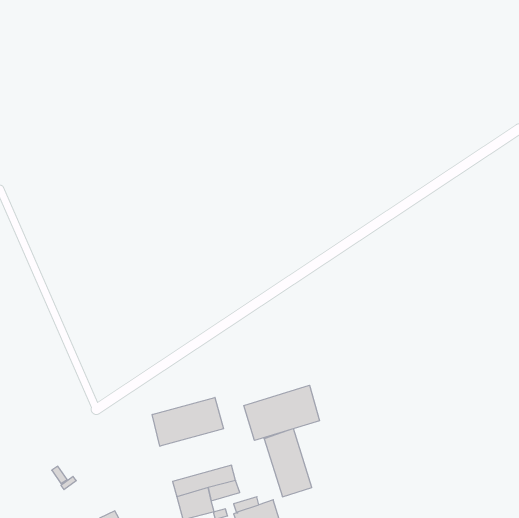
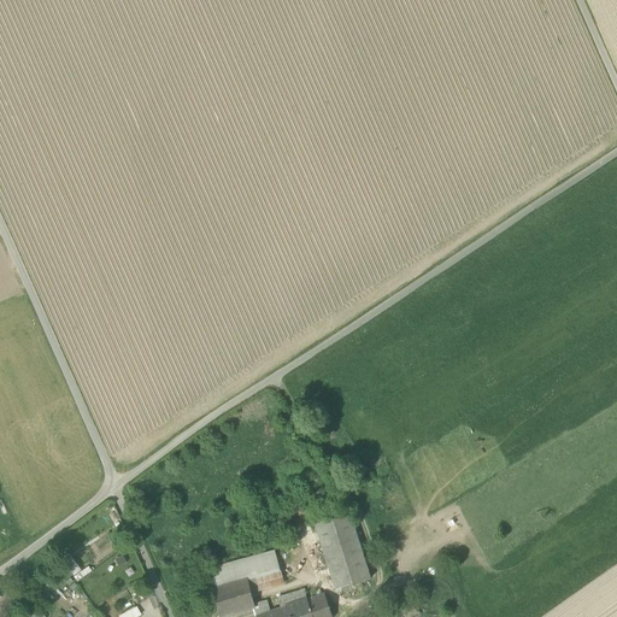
building: [244,385,319,440] -> none
building: [152,397,224,446] -> none

